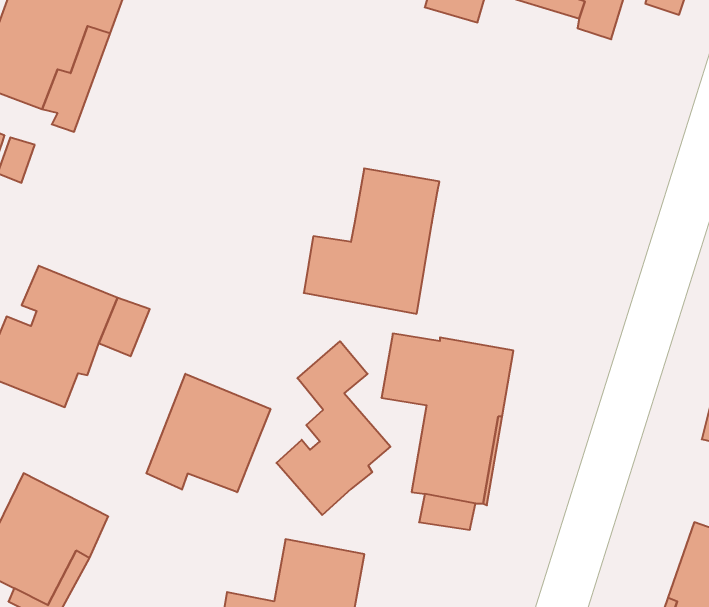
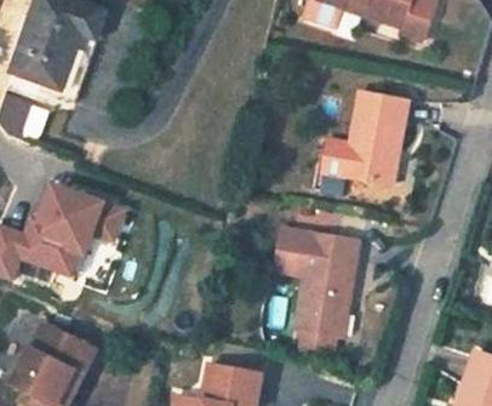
building: [304,168,439,314] -> [317,91,405,184]
building: [276,341,390,515] -> none
building: [146,374,270,492] -> none

